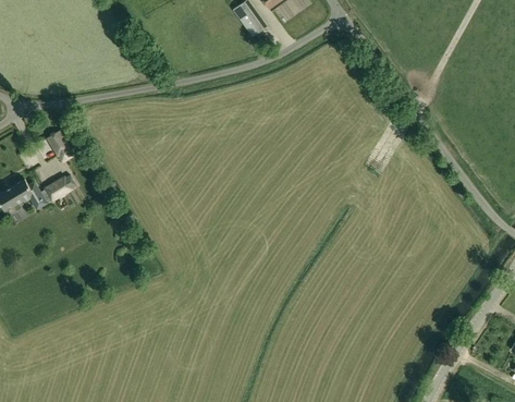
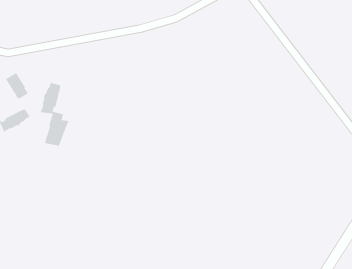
building: none -> [40,82,69,147]

